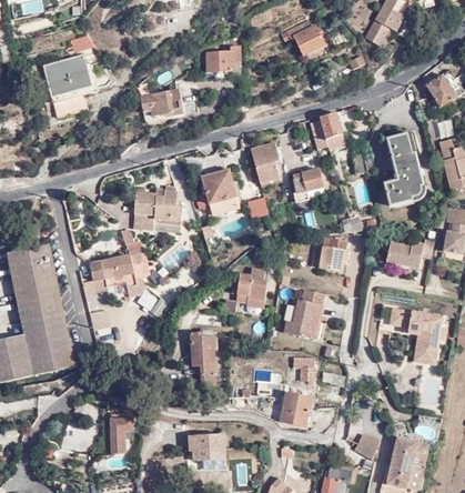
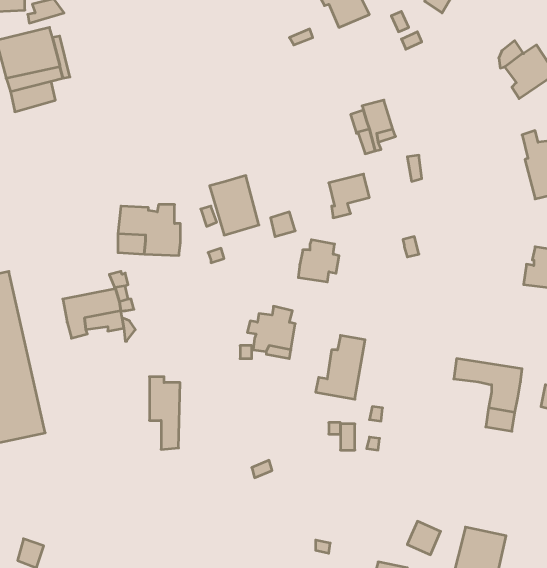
building: [203,44,239,76] -> none
building: [135,88,179,118] -> none
building: [382,131,423,205] -> none
building: [251,141,281,183] -> none
building: [317,240,348,272] -> [298,240,339,282]
building: [384,240,432,269] -> none
building: [190,332,213,388] -> [149,377,180,449]
building: [281,388,312,424] -> none
building: [111,414,135,455] -> none
building: [190,432,225,457] -> none

